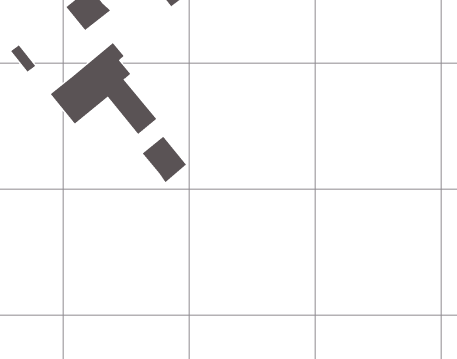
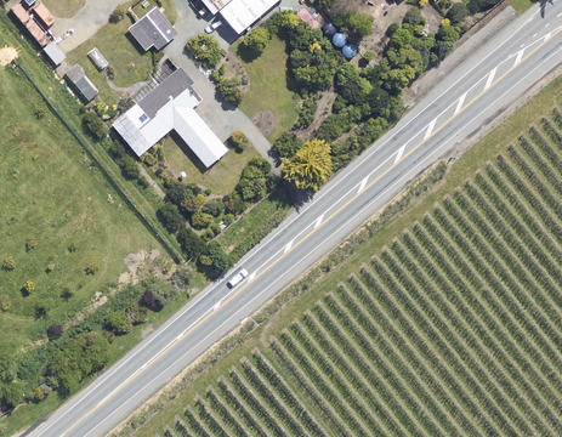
building: [142,136,187,183] -> none

